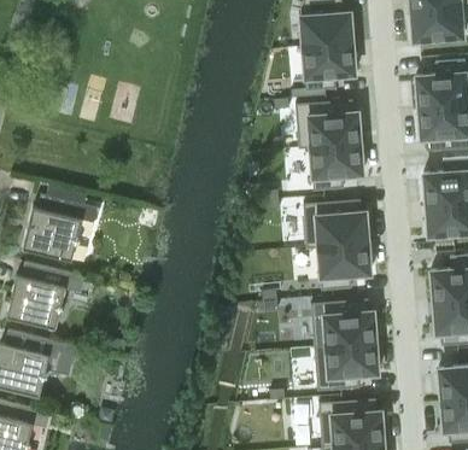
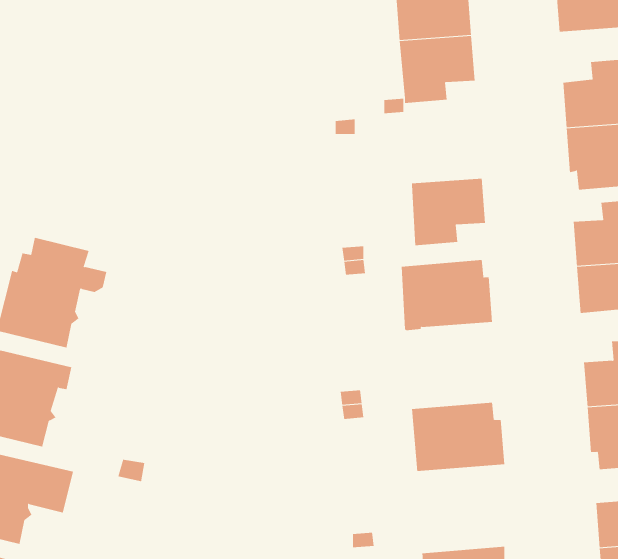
building: [294,99,359,148] -> none
building: [317,242,370,290] -> none
building: [314,341,378,390] -> none

